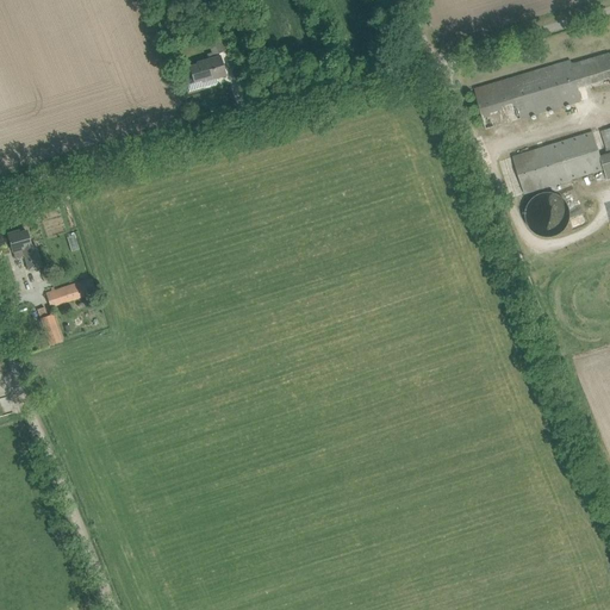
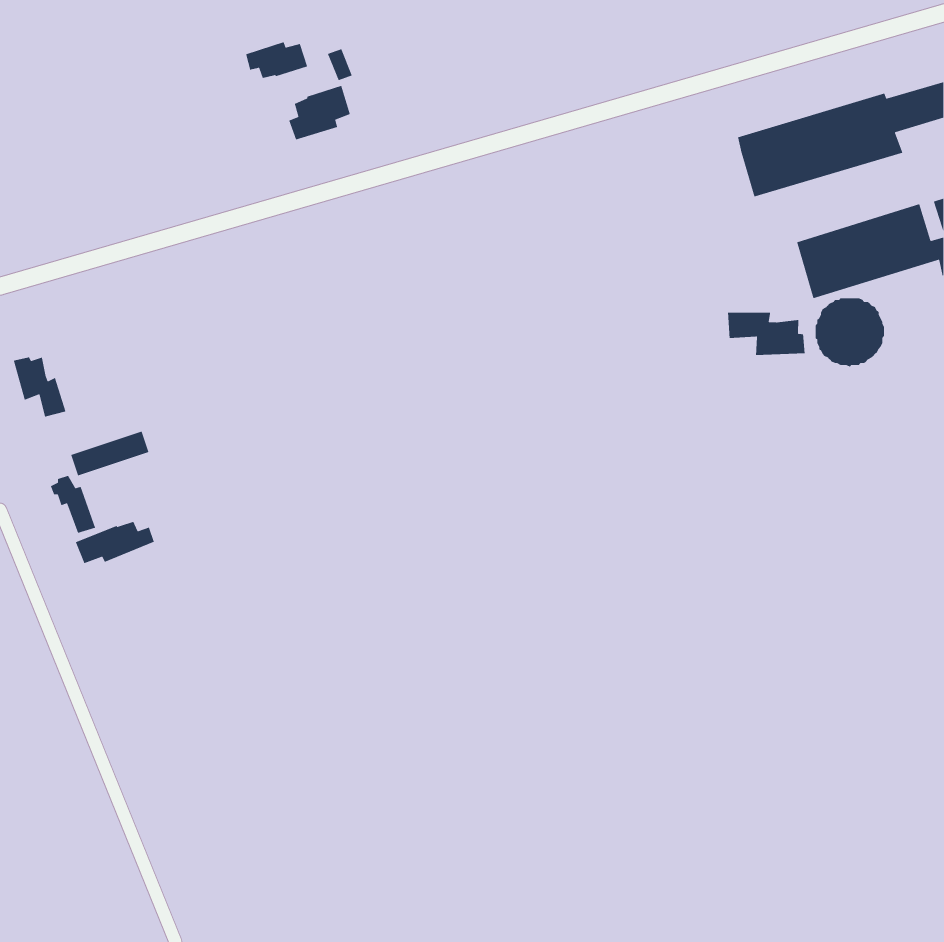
building: none -> [245,41,308,79]
building: none -> [727,312,806,356]
building: none -> [75,521,155,564]

